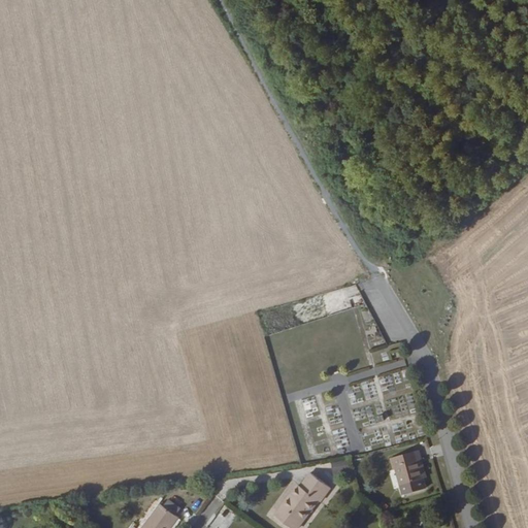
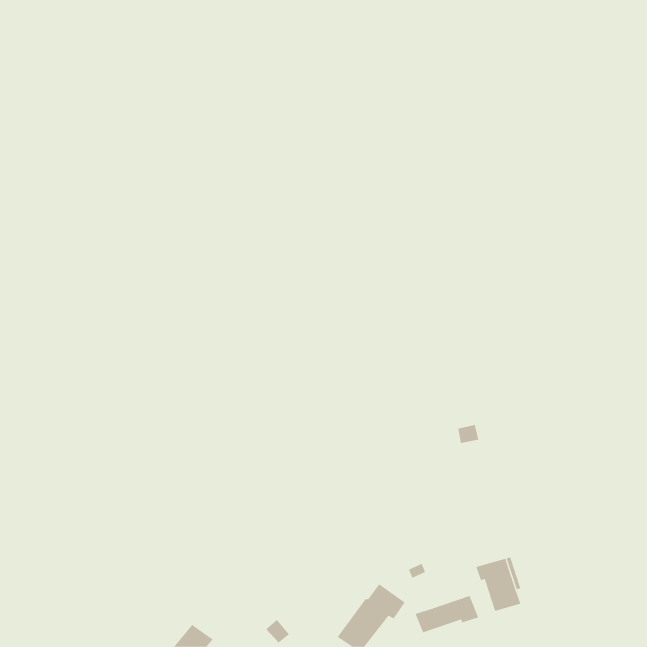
building: none -> [415,595,479,633]

